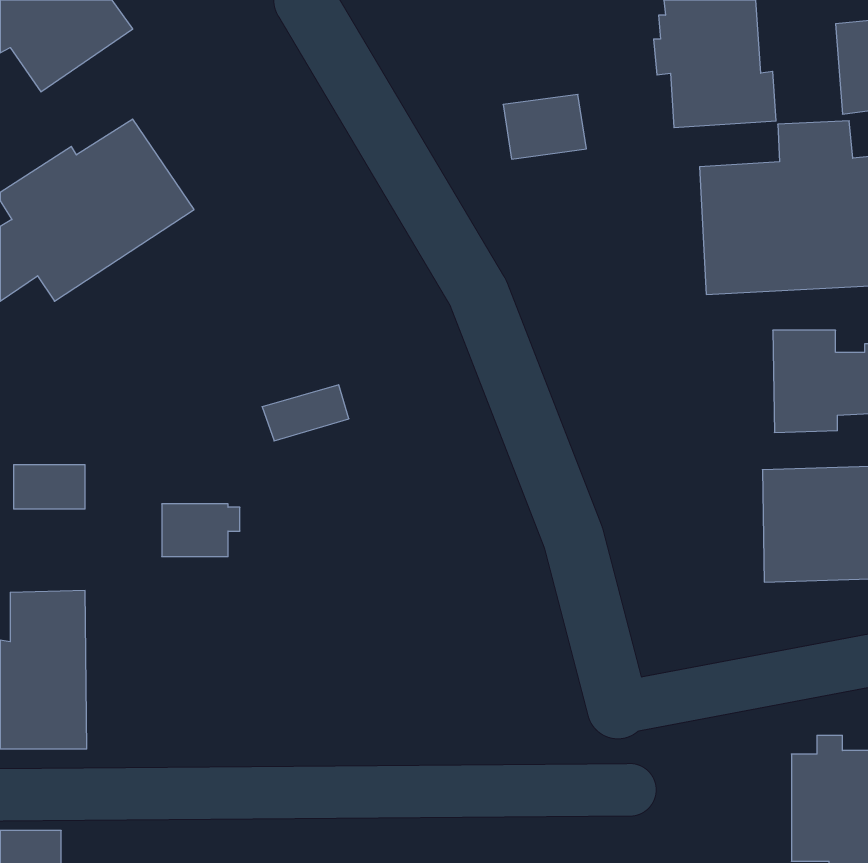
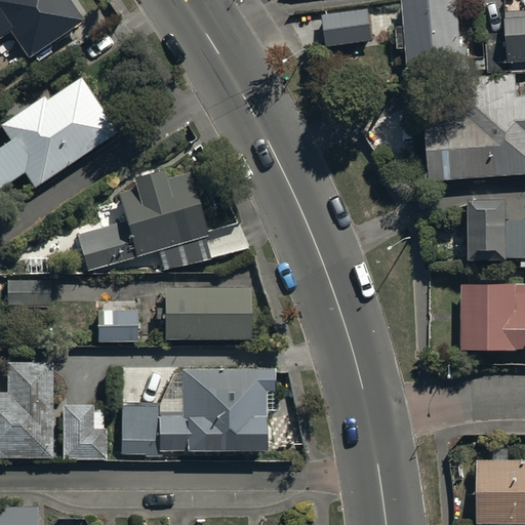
building: [503,94,586,159] -> [321,9,371,48]
building: none -> [77,165,209,269]
building: none -> [164,284,250,336]
building: none -> [124,372,276,457]
building: none -> [64,403,109,458]

